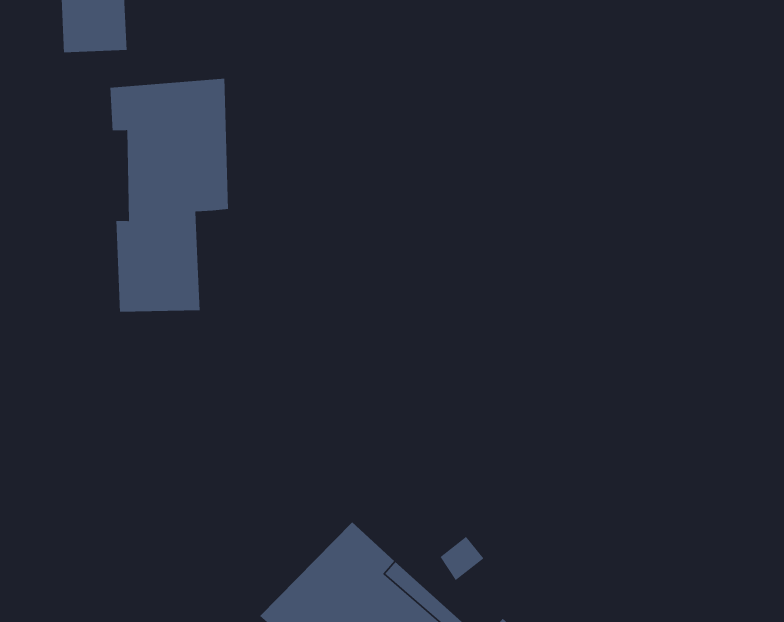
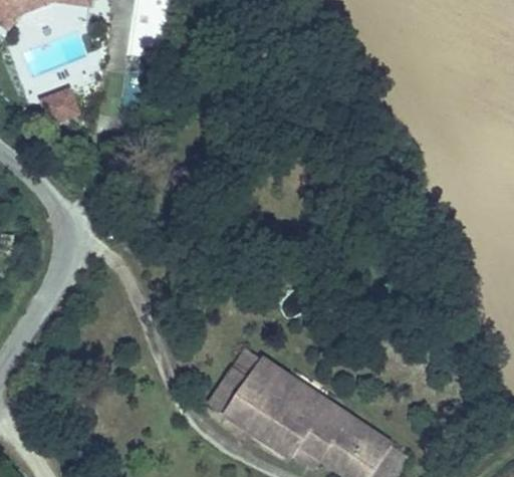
building: [109,78,229,312] -> none

